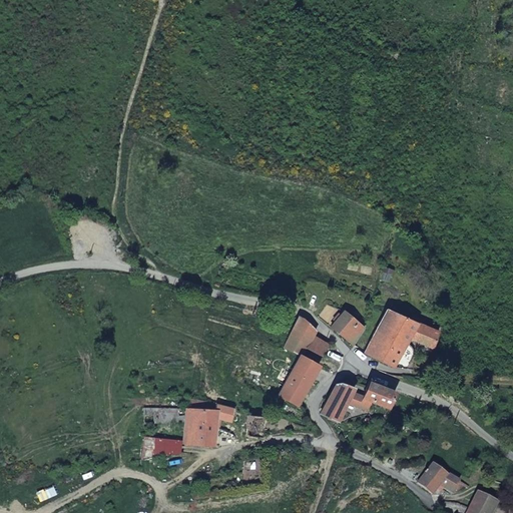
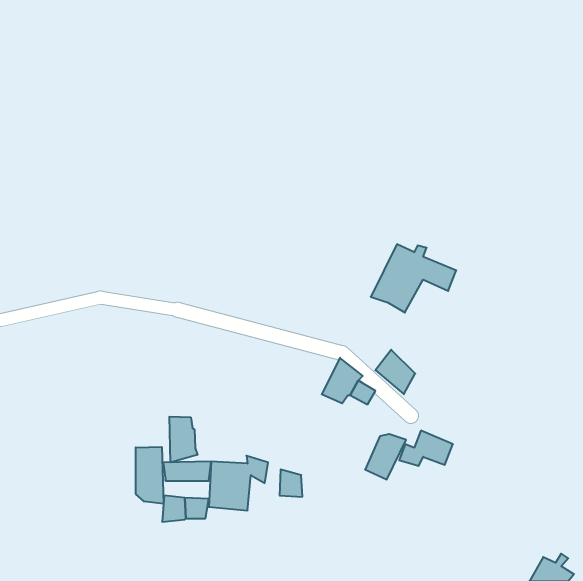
building: [365,308,440,368] -> [371,244,456,313]
building: [278,355,322,407] -> none
building: none -> [169,417,197,462]
building: none -> [136,447,164,504]
building: [415,464,468,497] -> none

